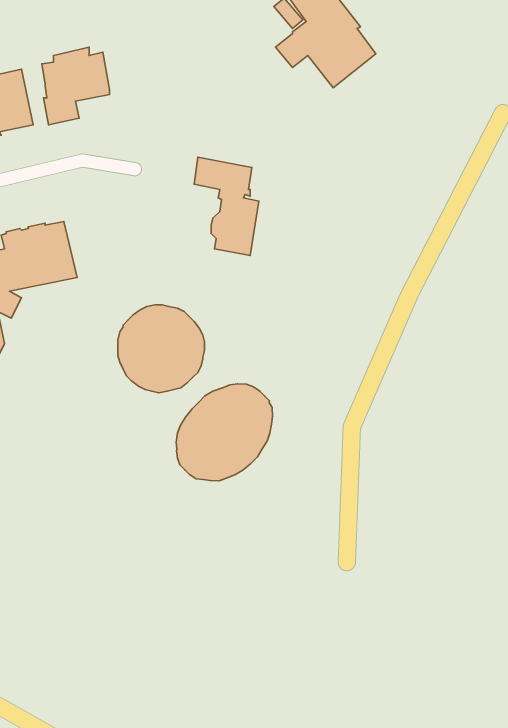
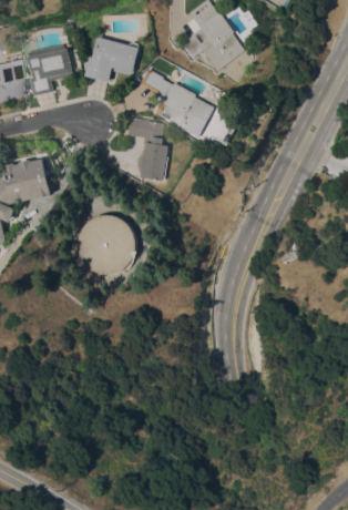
building: none -> [85,35,142,82]
building: none -> [142,69,217,137]
building: [176,384,272,481] -> none

